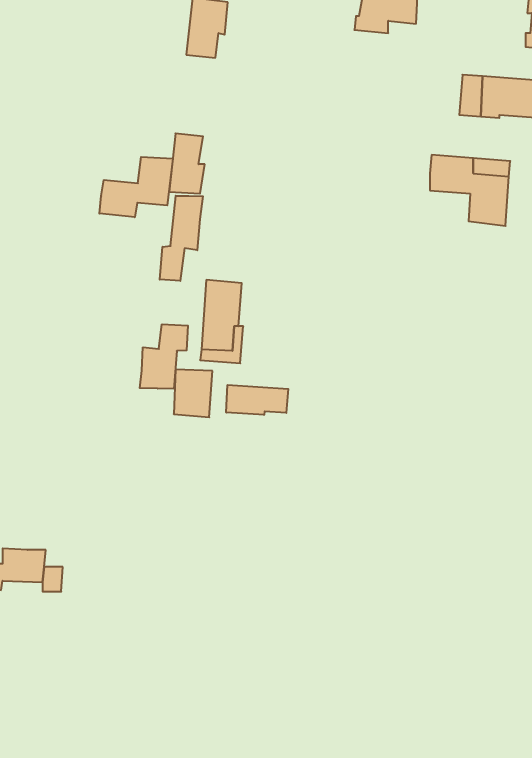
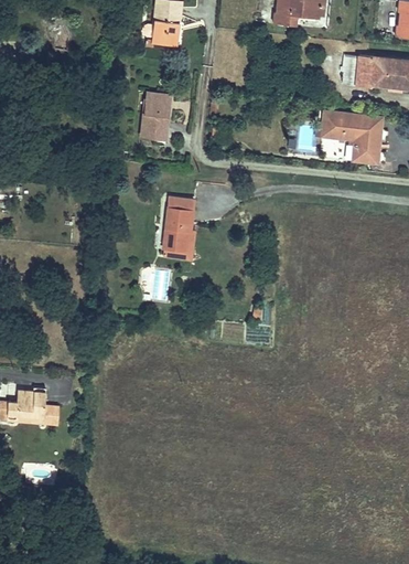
building: [99,157,173,217] -> none
building: [160,196,203,281] -> none
building: [140,324,188,389] -> none
building: [226,385,288,415] -> none

